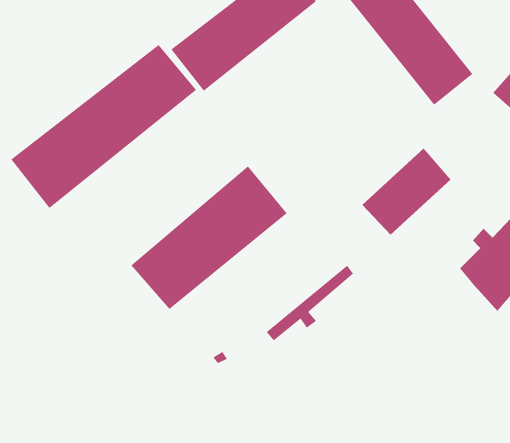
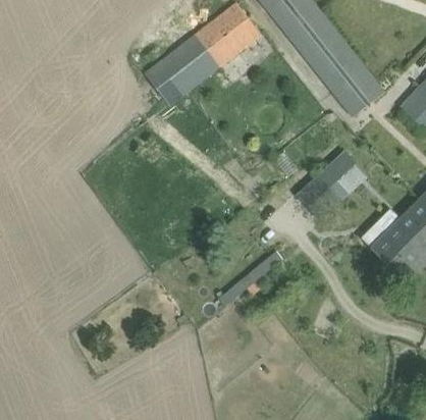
building: [11,44,197,209] -> none
building: [131,165,288,310] -> none

